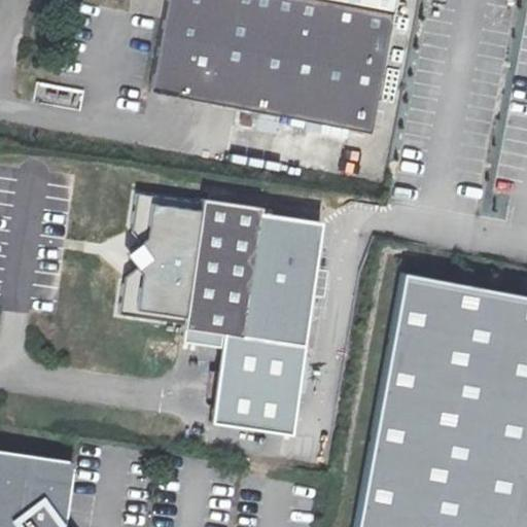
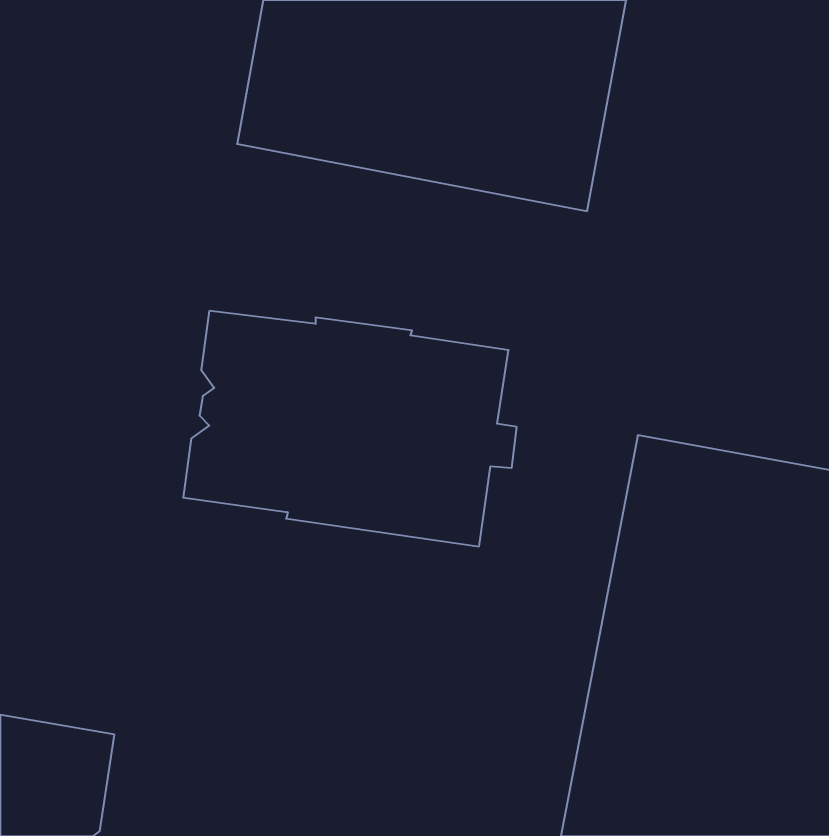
building: [183,326,306,433] -> none

